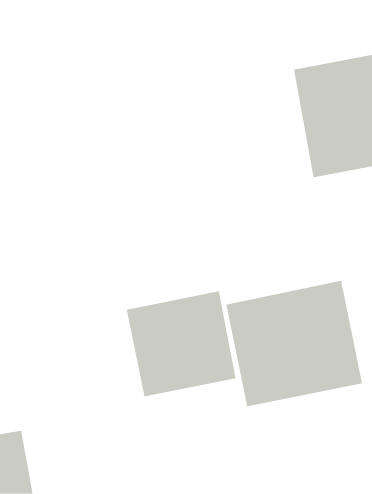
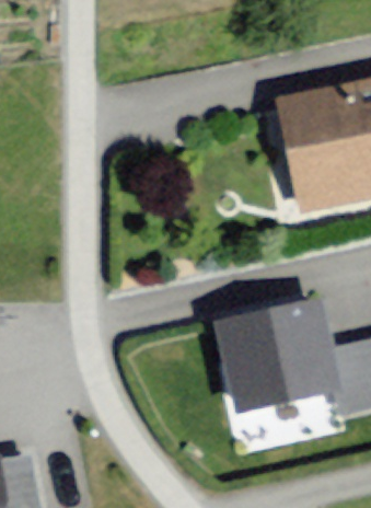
building: [126,290,236,397] -> none

